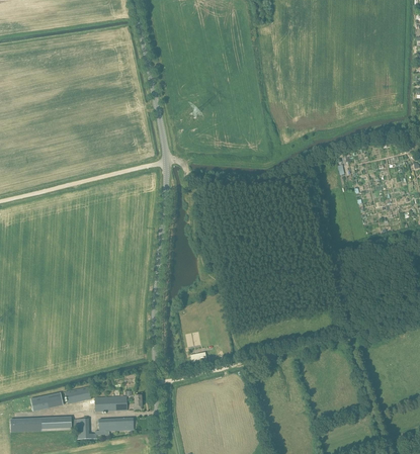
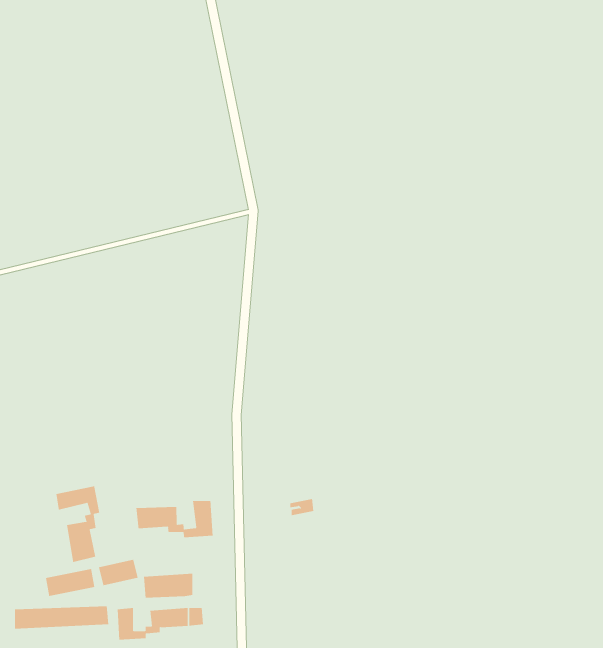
building: none -> [56,486,100,563]
building: none -> [136,500,213,538]

